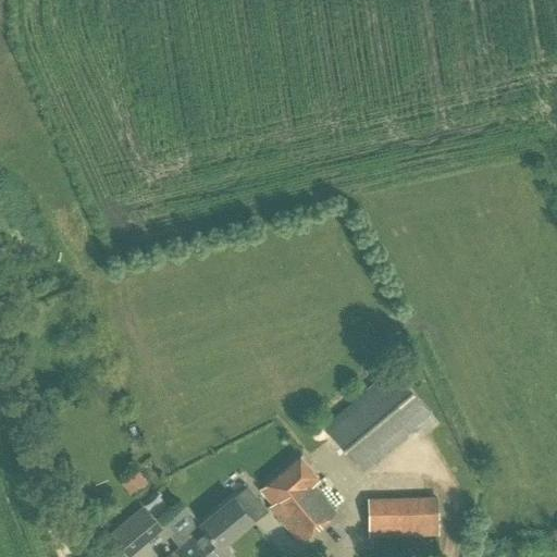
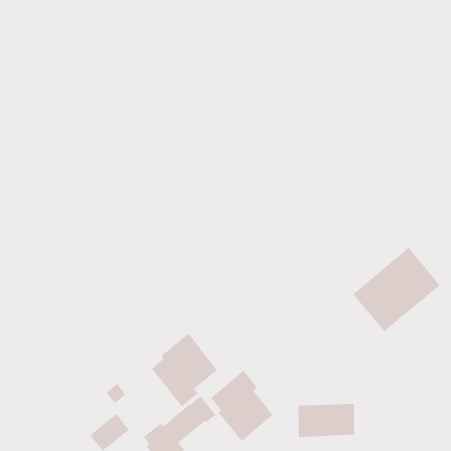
building: [323,368,432,473] -> [352,246,441,332]
building: none -> [151,333,218,408]

